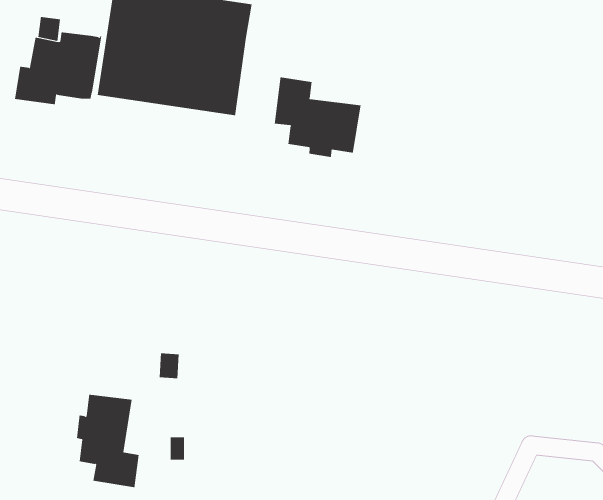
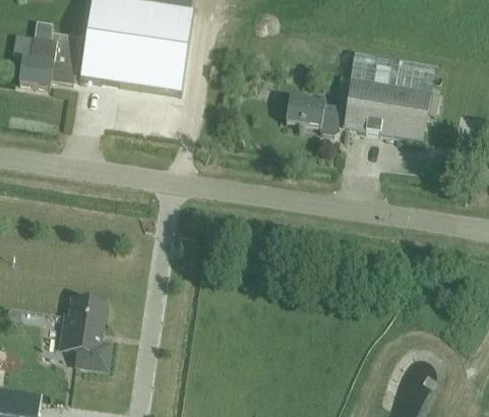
building: none -> [285,52,439,139]
building: [274,77,361,158] -> none

